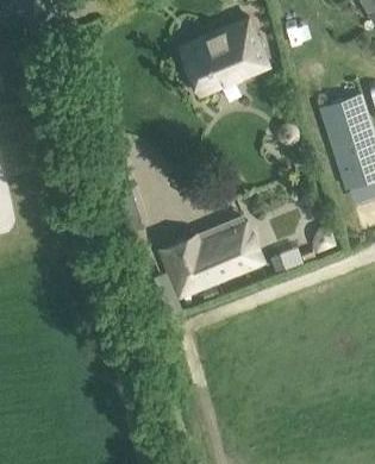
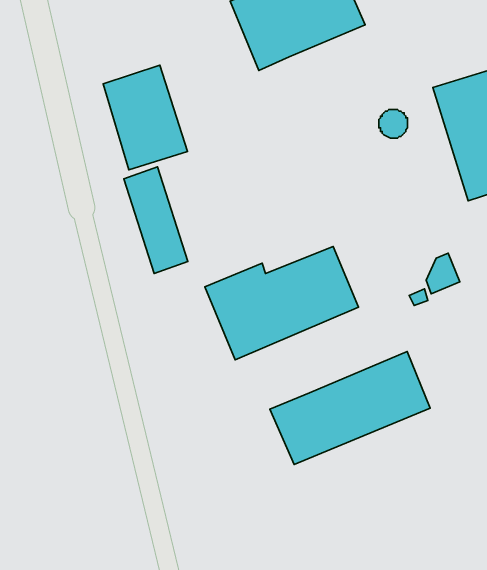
building: none -> [103,65,187,170]
building: none -> [270,351,430,464]

